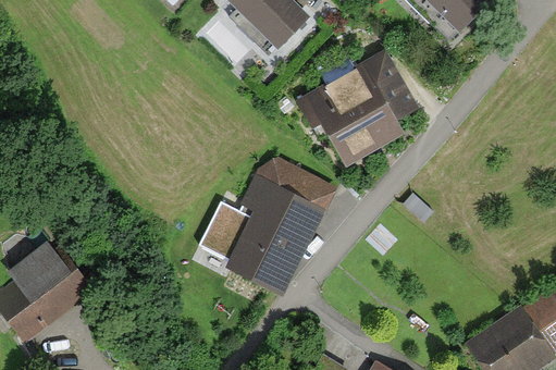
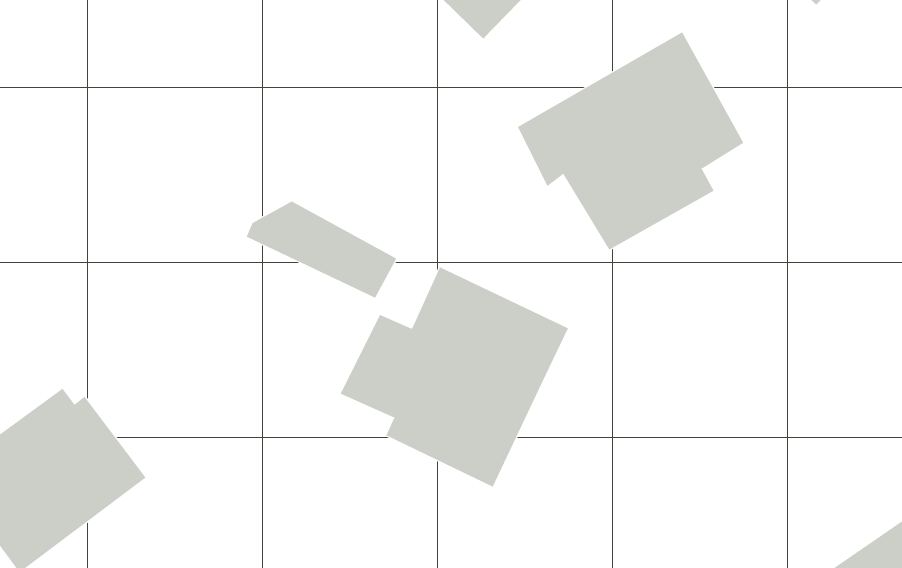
building: [254,156,336,209] -> [246,201,397,298]

